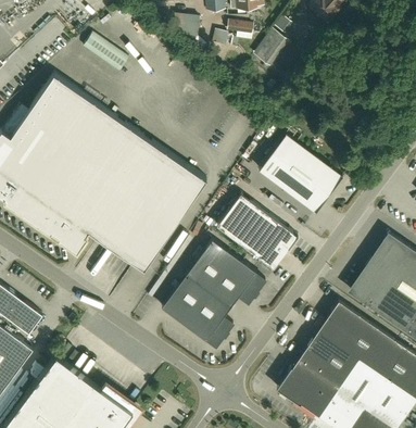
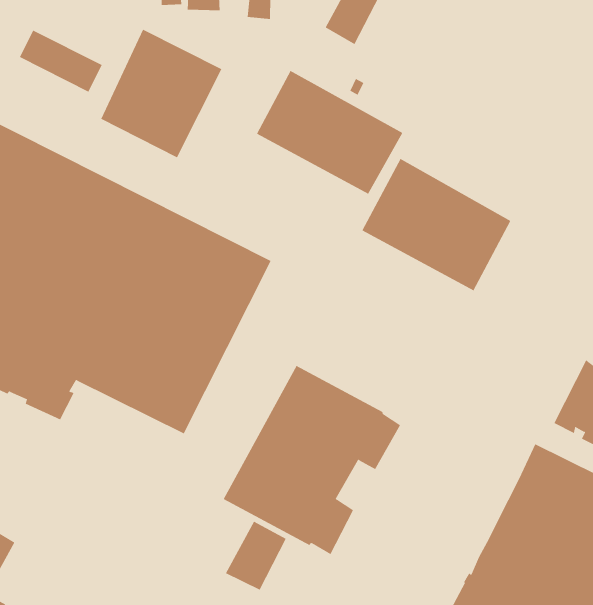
building: none -> [100,29,222,158]
building: [216,194,298,269] -> [256,70,403,195]
building: none -> [225,521,287,590]

